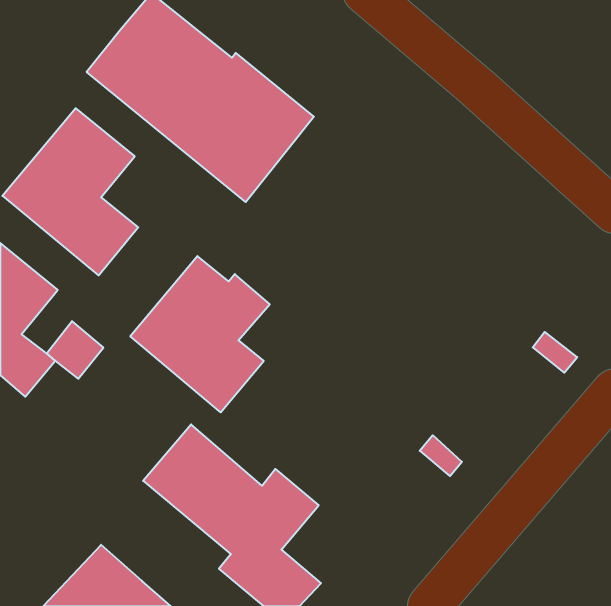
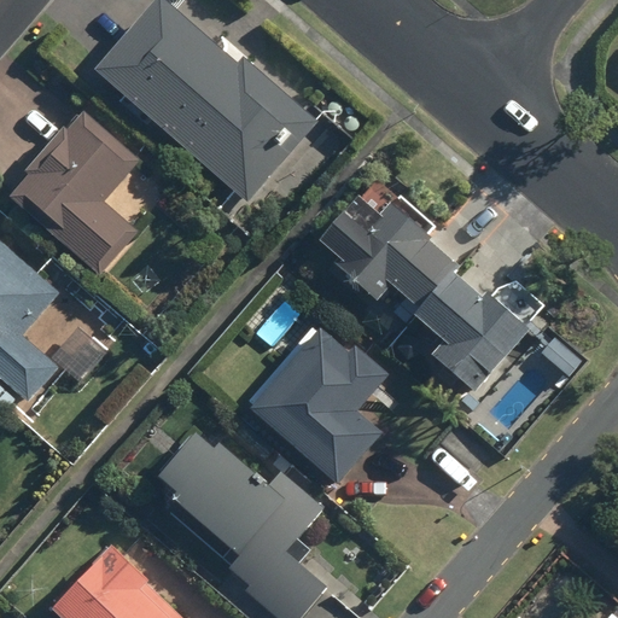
building: none -> [309,198,553,396]
building: [130,256,270,412] -> [245,328,385,485]

